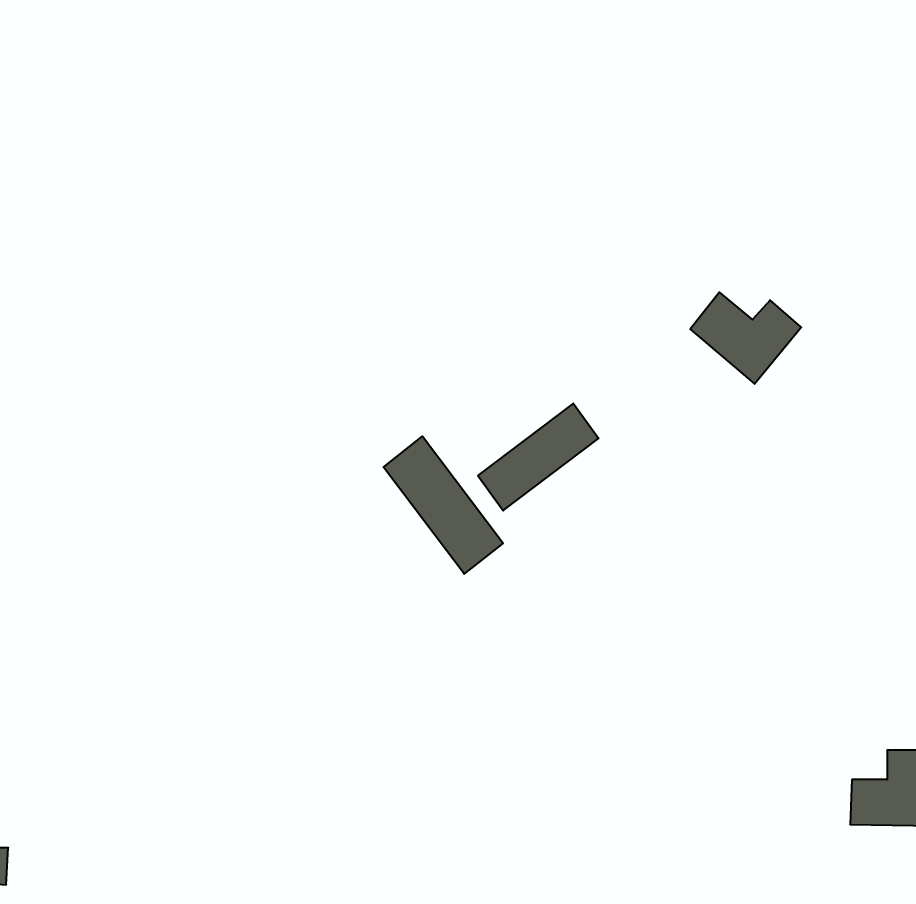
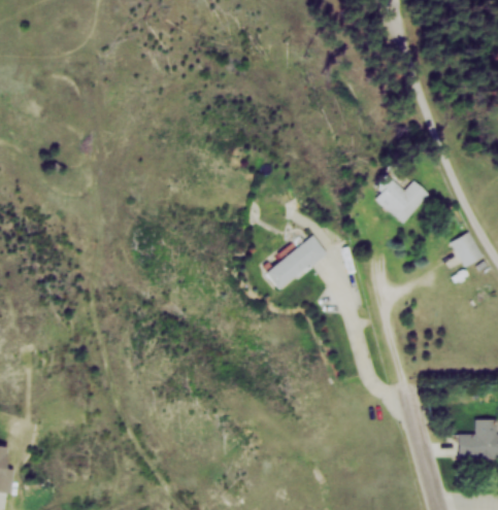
building: none -> [452,233,483,268]
building: [383,436,503,574] -> none

